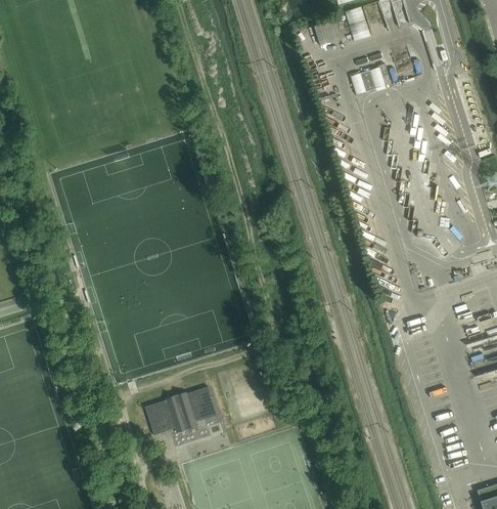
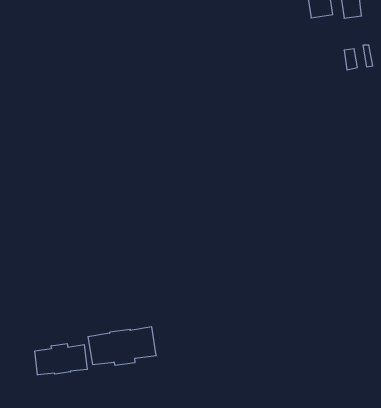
building: none -> [35,344,87,375]

